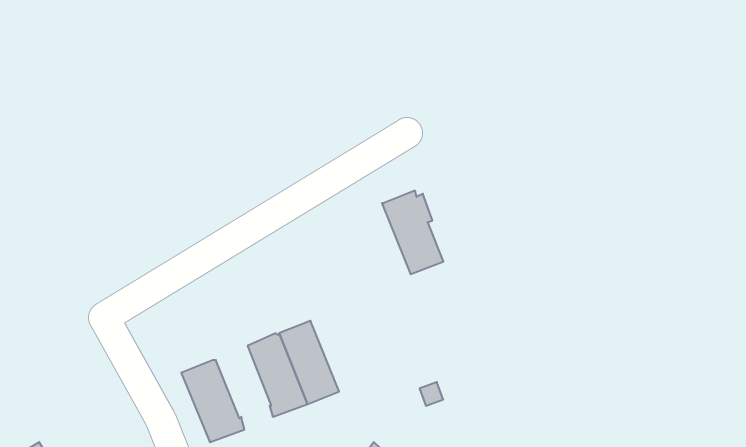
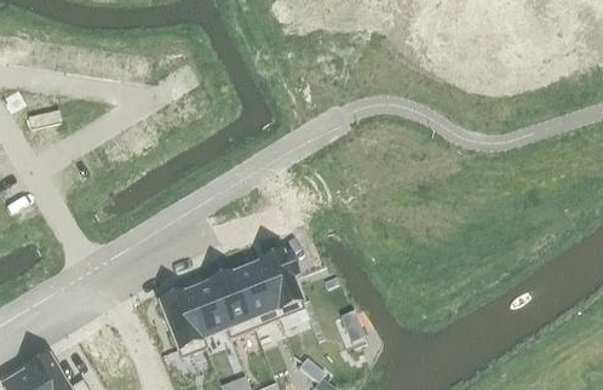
building: [382,191,443,274] -> [258,252,305,316]
building: none -> [185,281,228,337]

